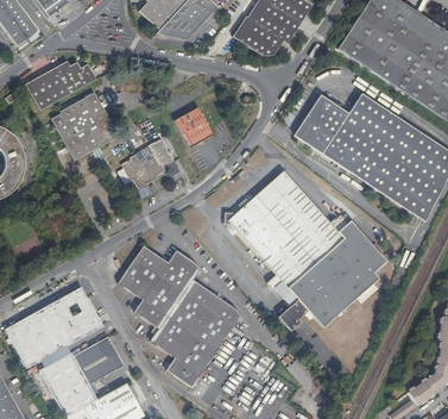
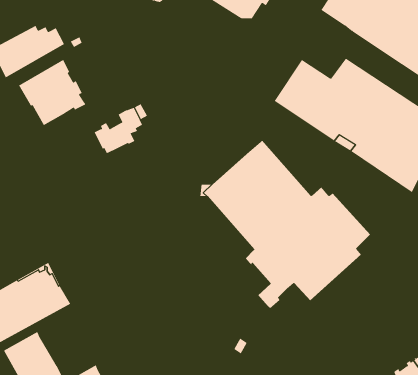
building: [173,106,213,146] -> none
building: [118,245,238,387] -> none
building: [74,336,125,383] -> none

